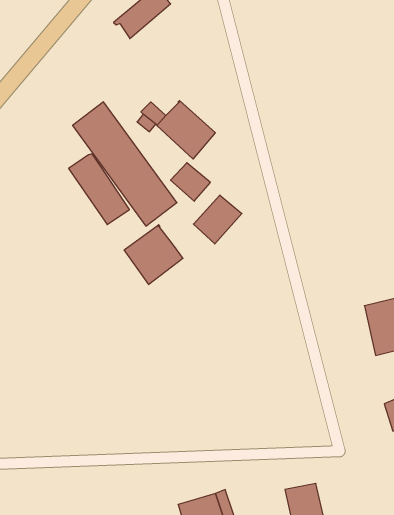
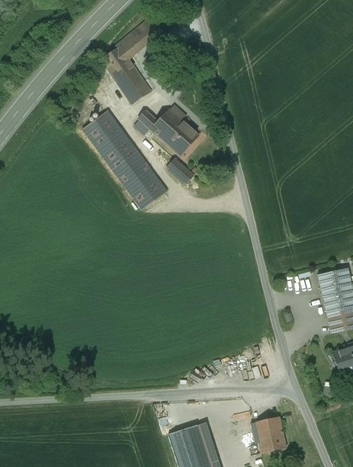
building: [69,154,129,225] -> [102,46,151,103]
building: [193,195,242,244] -> none
building: [124,225,183,285] -> none

